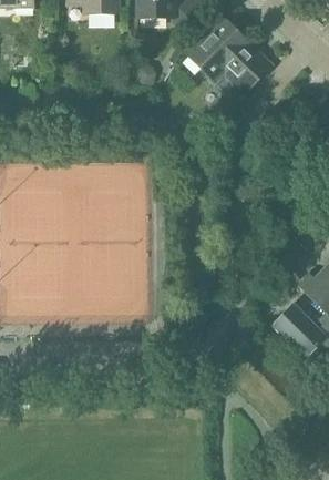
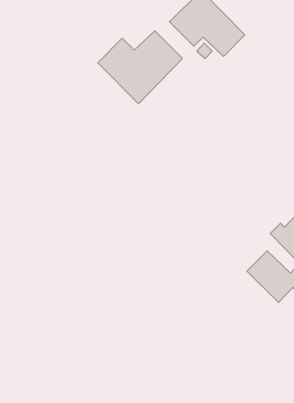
building: none -> [98,31,182,104]

